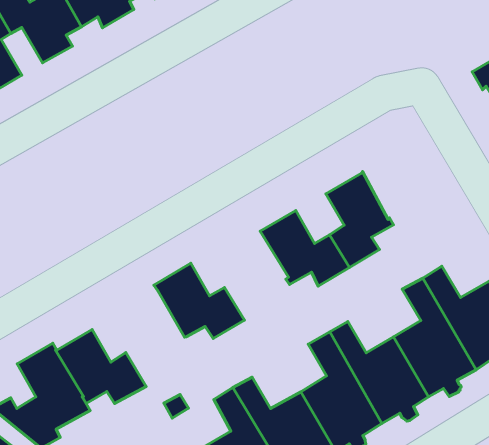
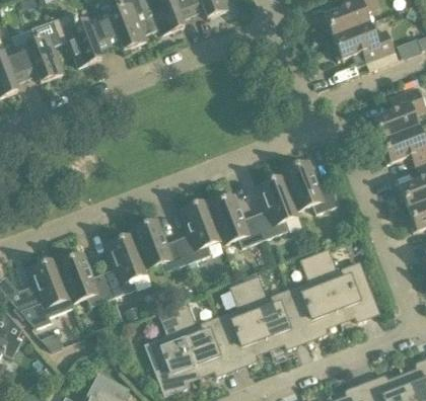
building: none -> [281,160,339,213]
building: none -> [178,198,222,262]
building: none -> [103,233,148,297]

